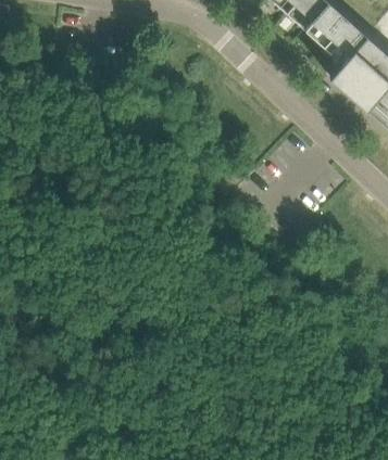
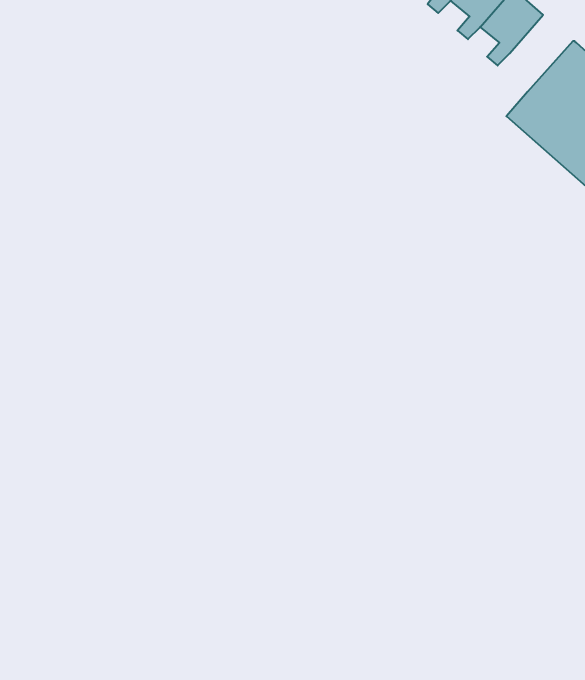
building: [334,17,373,65] -> none

